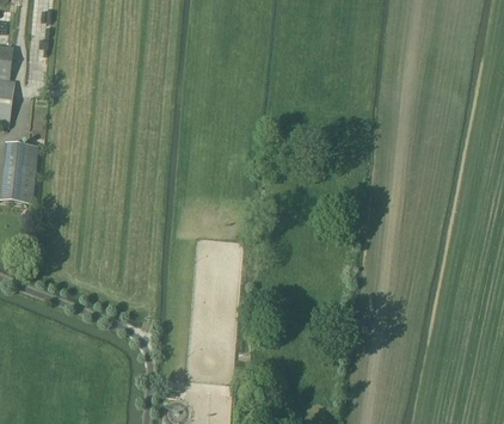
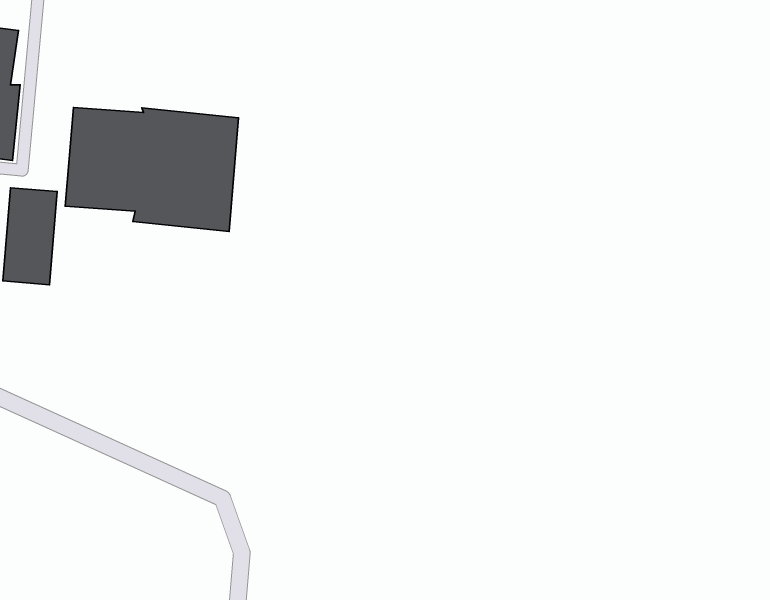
building: none -> [65,108,238,231]

